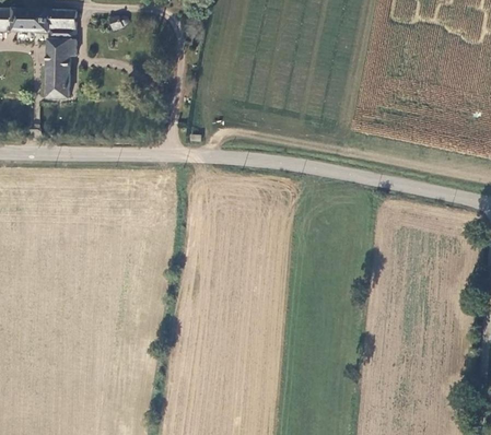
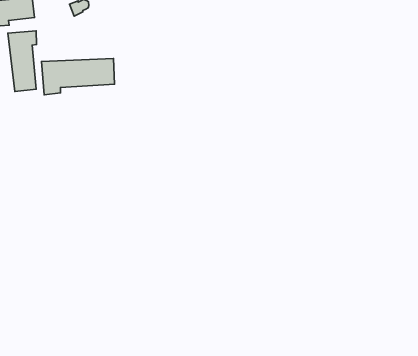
building: none -> [41,59,114,95]

